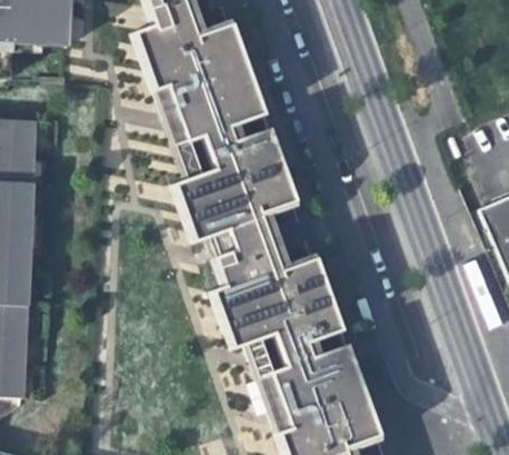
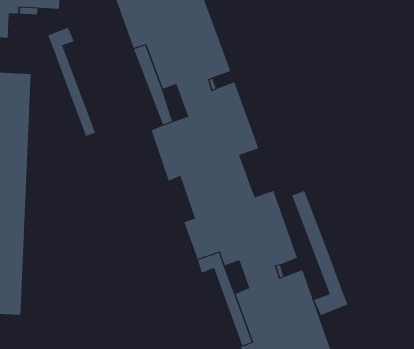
building: none -> [48,27,96,137]
building: none -> [291,190,348,316]

